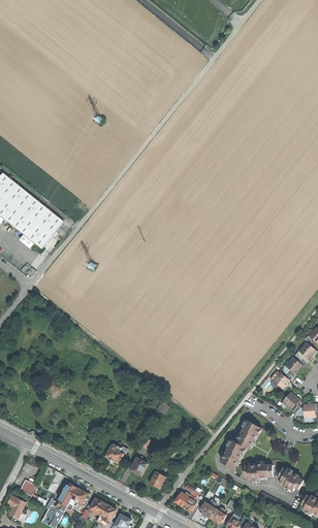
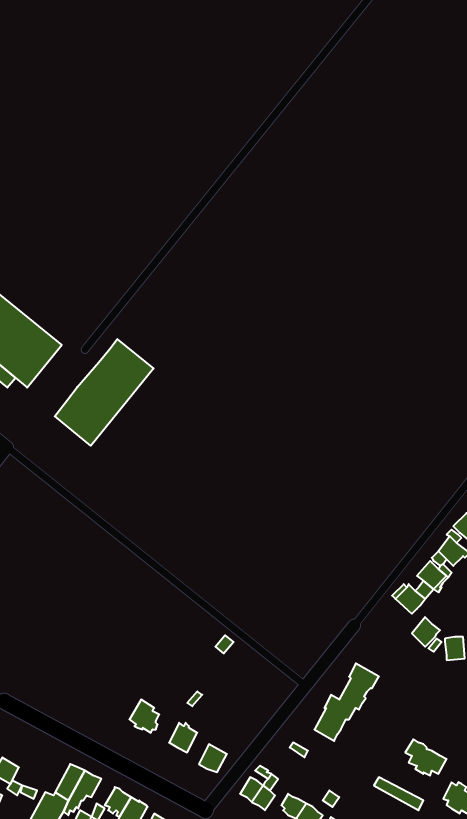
building: none -> [55,339,154,446]
building: [244,463,272,480] -> none

